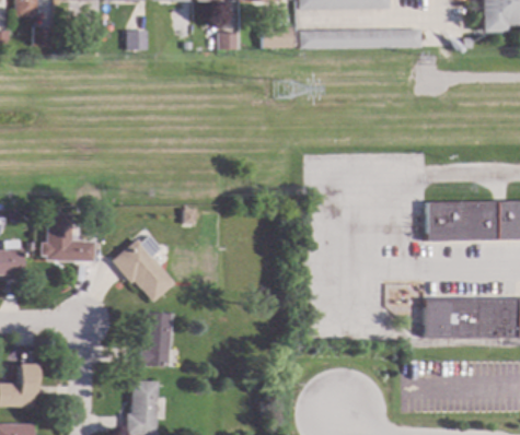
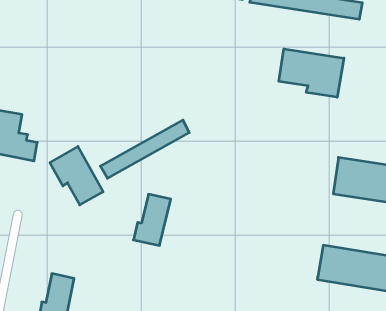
building: none -> [279,49,344,97]
building: none -> [100,120,189,178]
building: [140,313,173,366] -> [133,194,171,245]

